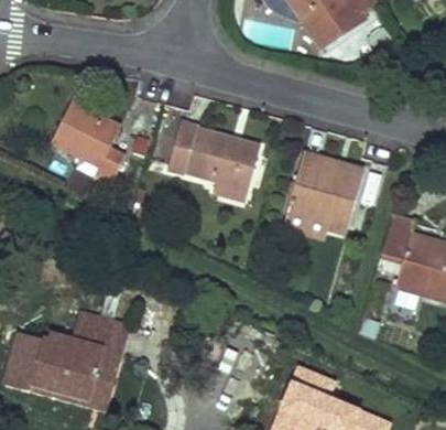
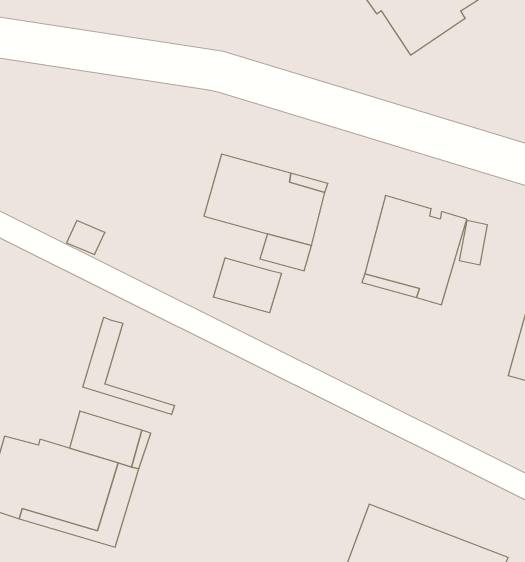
building: [50,98,126,183] -> none
building: none -> [213,258,281,313]
building: none -> [83,317,175,415]

